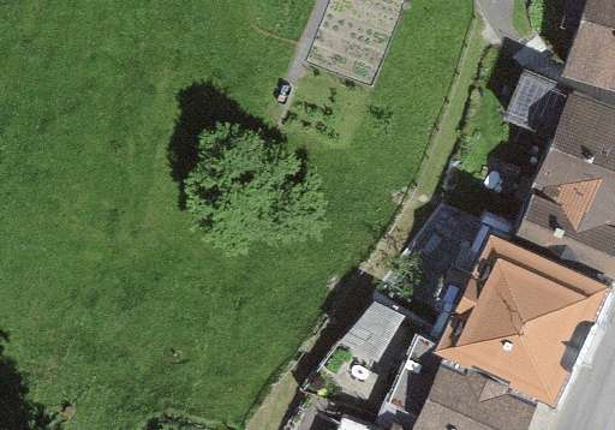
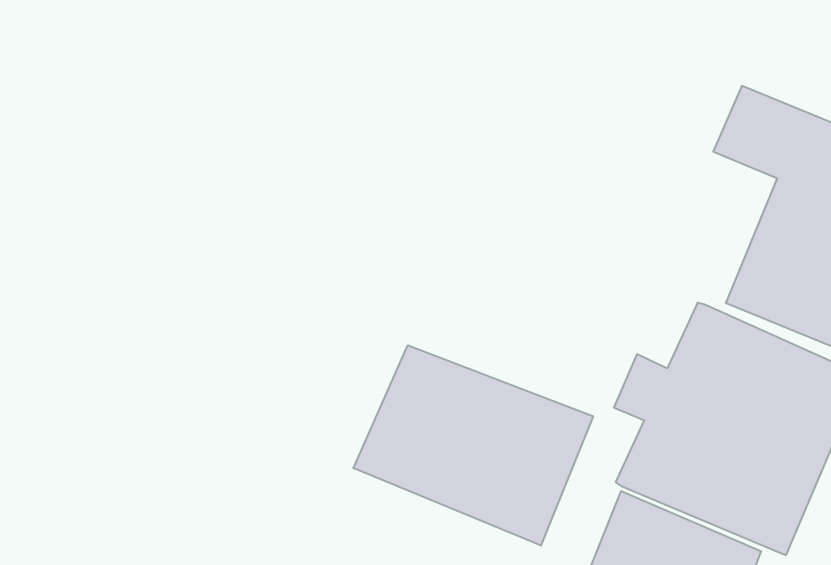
building: none -> [353,345,593,546]

